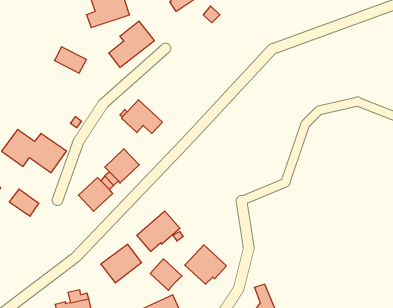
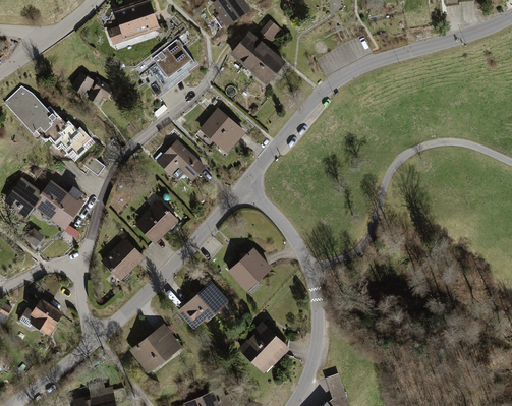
building: none -> [228,31,284,84]
building: none -> [6,85,92,161]
building: none -> [197,108,244,153]
building: none -> [226,248,271,292]
building: [9,189,39,216] -> [30,297,67,332]
building: [150,259,182,290] -> none

